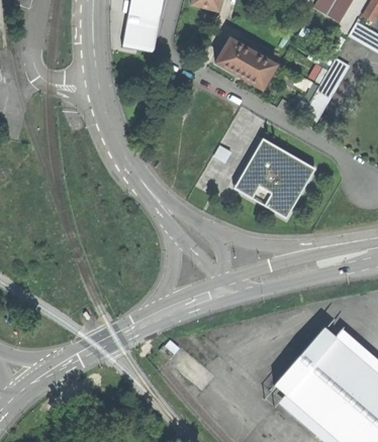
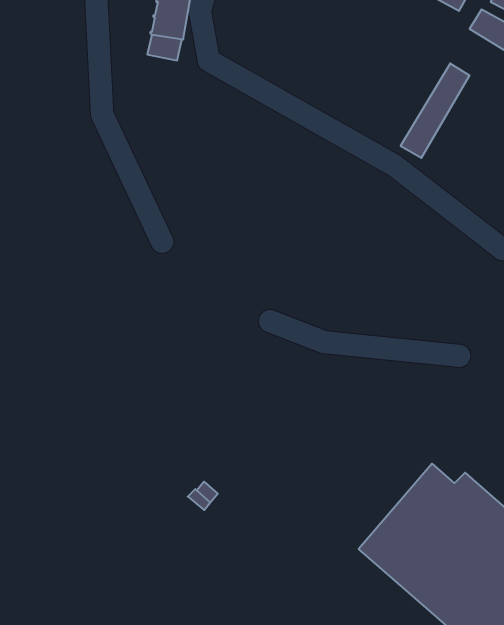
building: [215,38,275,89] -> none
building: [228,132,319,221] -> none

